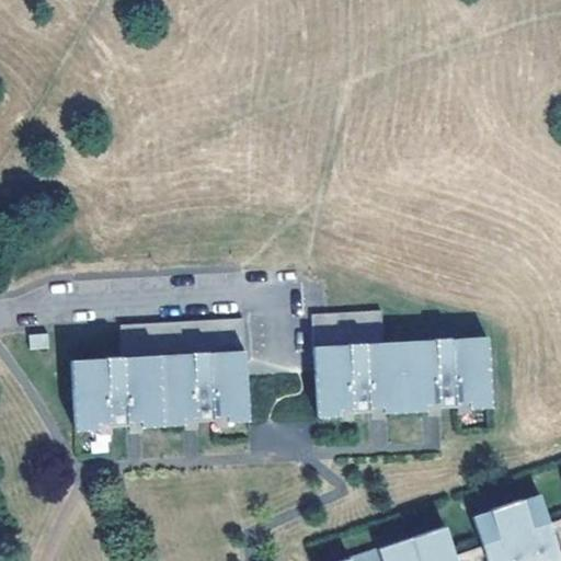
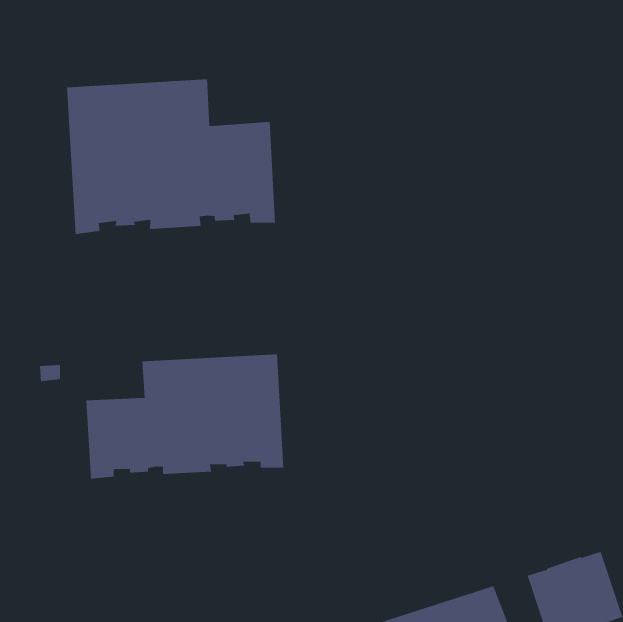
building: none -> [66,78,276,235]
building: [311,311,491,417] -> none

